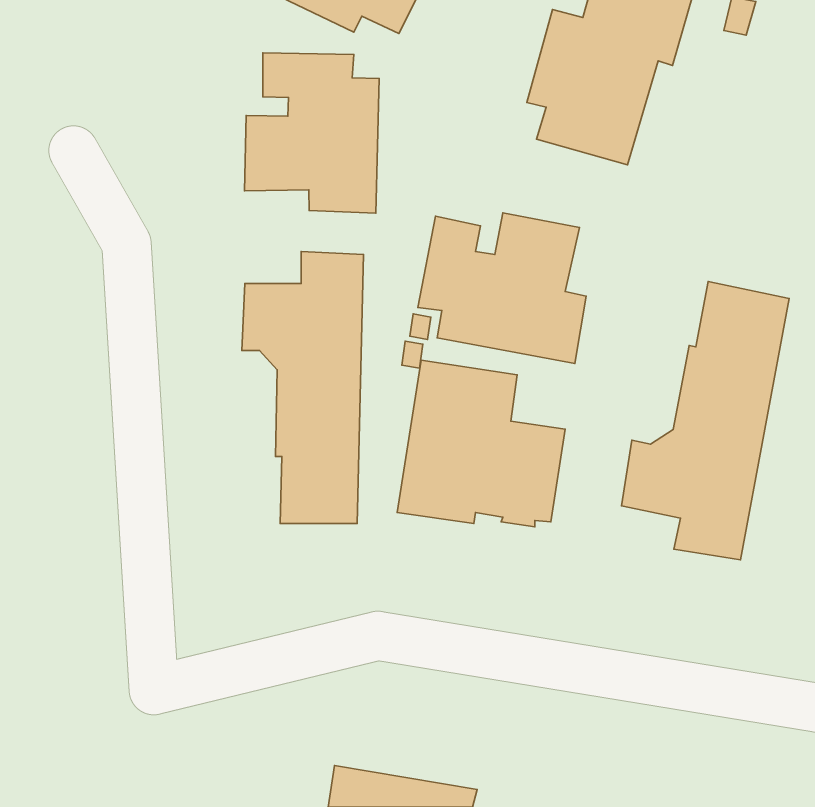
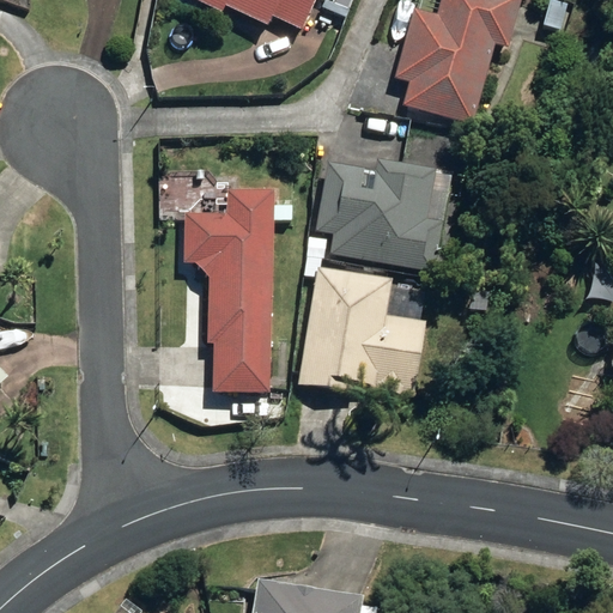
building: [245,53,379,213] -> none
building: [621,282,789,560] -> none

